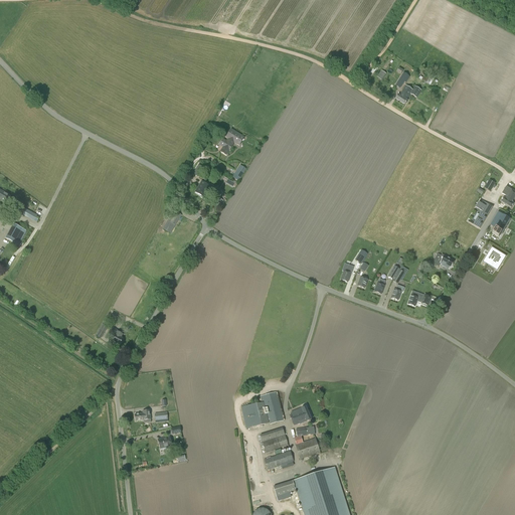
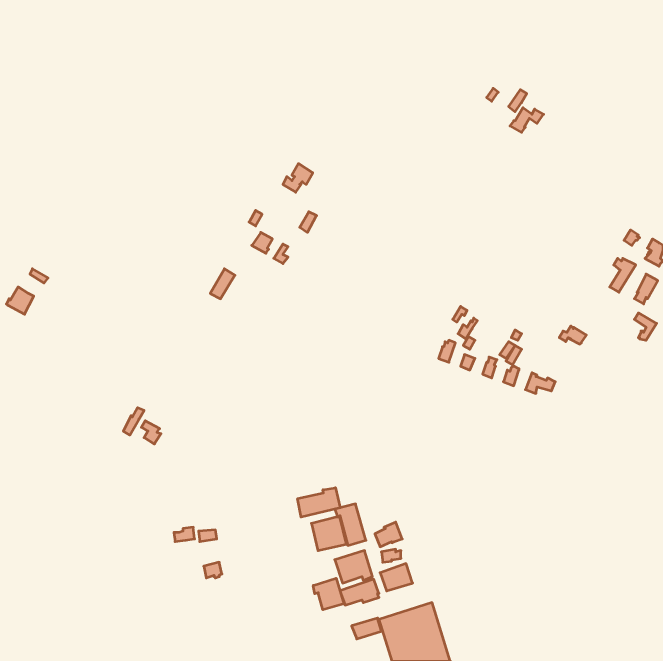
building: none -> [298,488,340,517]
building: none -> [313,578,344,610]

